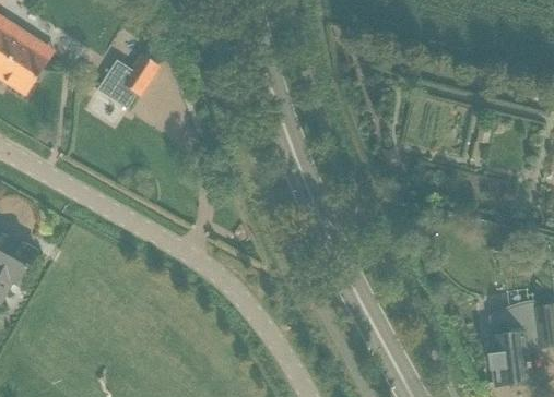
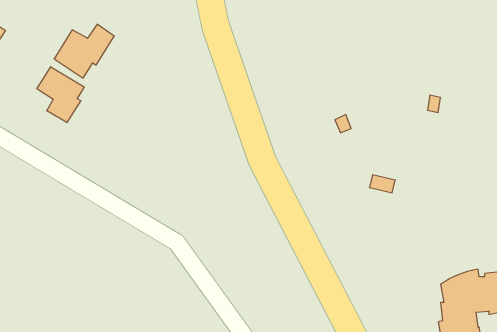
building: none -> [37,67,84,123]

